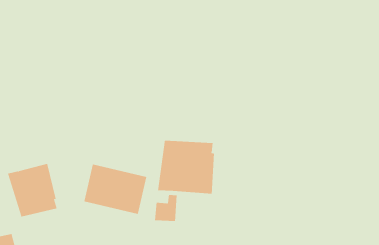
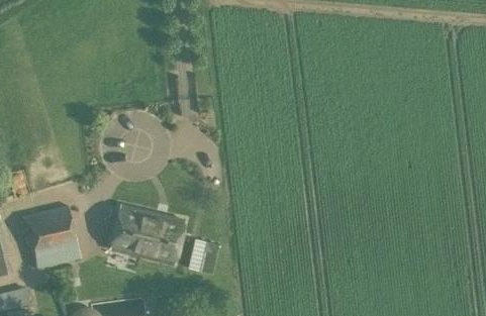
building: [158,140,215,195] -> none

